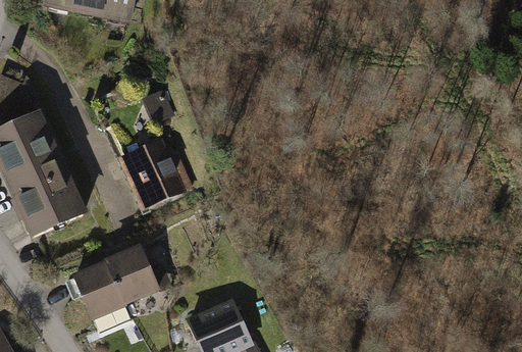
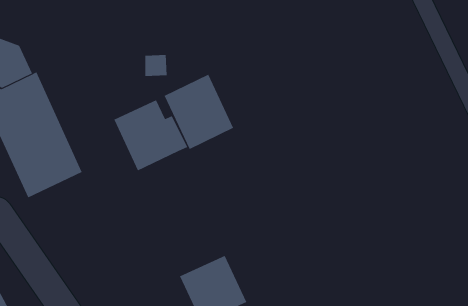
building: none -> [164,74,234,150]
building: [66,246,165,324] -> none

